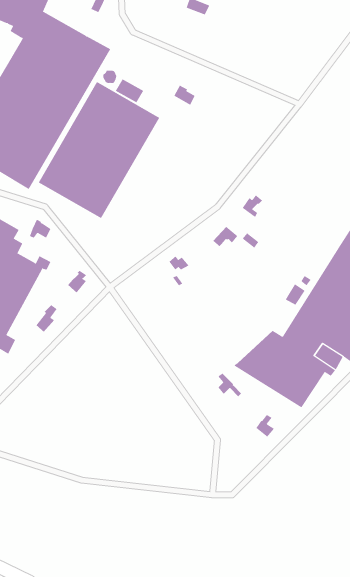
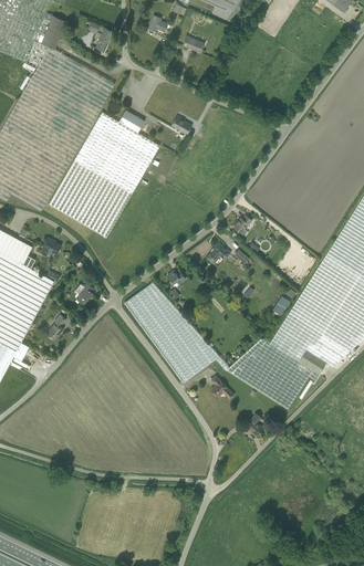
building: none -> [124,282,229,382]

